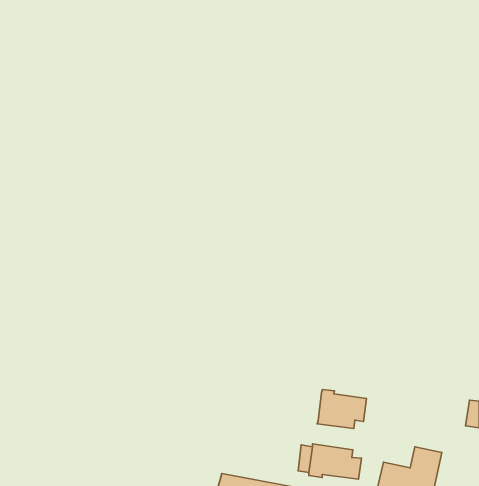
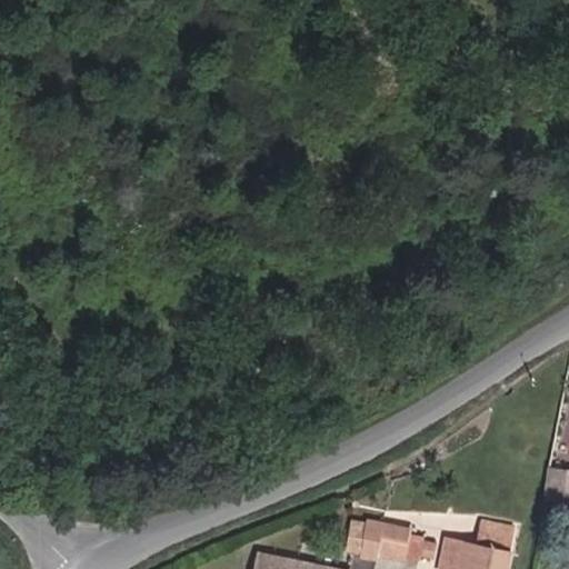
building: [317,389,367,428] -> none

